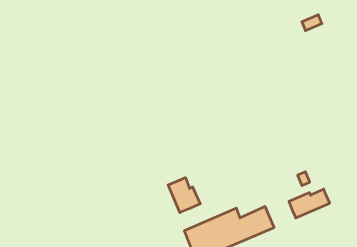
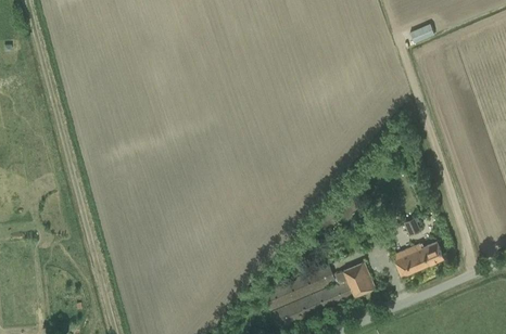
building: [168,178,200,213] -> none

